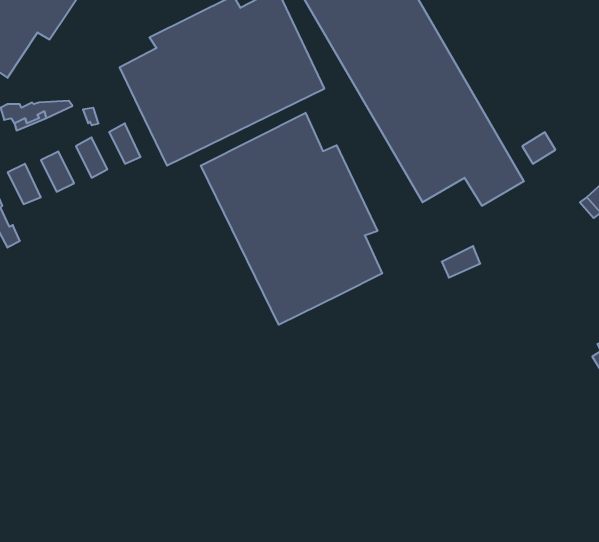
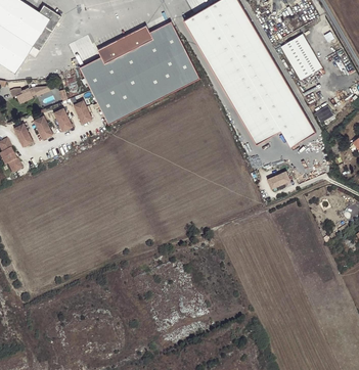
building: none -> [279,33,322,80]
building: [201,113,382,325] -> none

